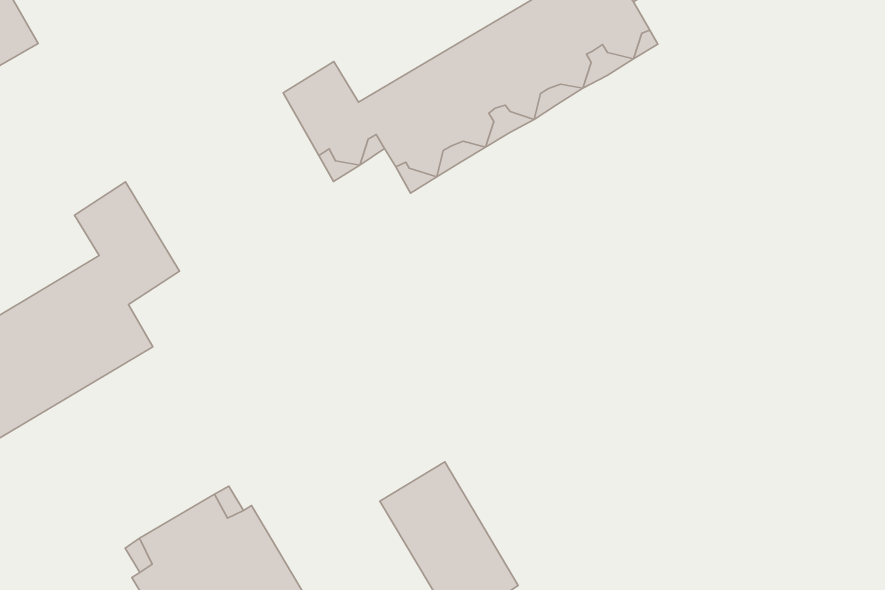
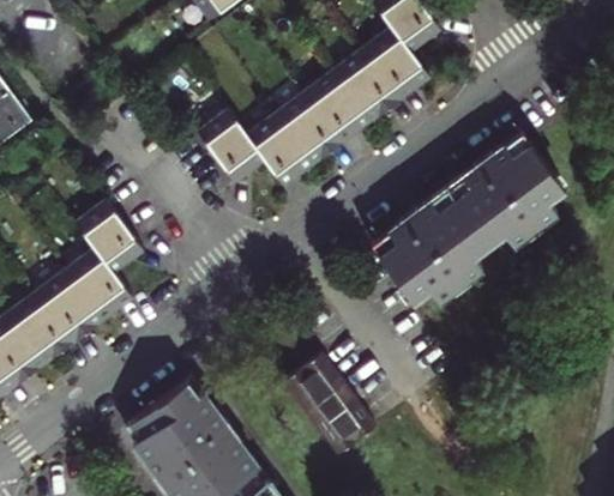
building: none -> [371,133,562,302]

